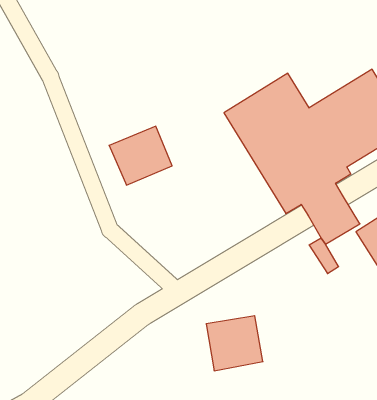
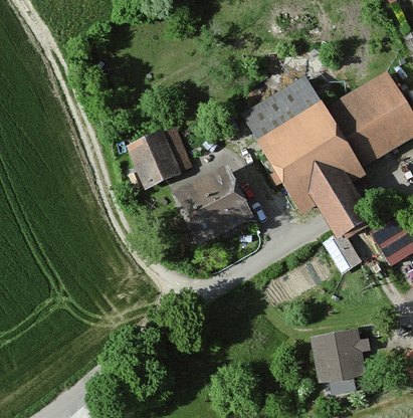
building: none -> [174,169,251,243]
building: [206,316,263,371] -> [311,329,367,383]

